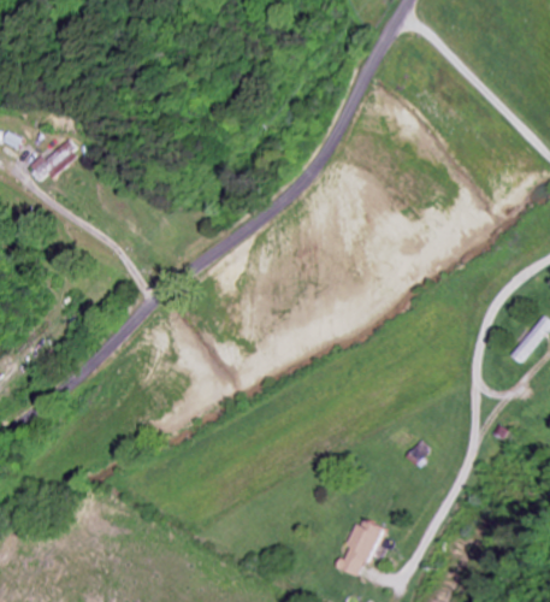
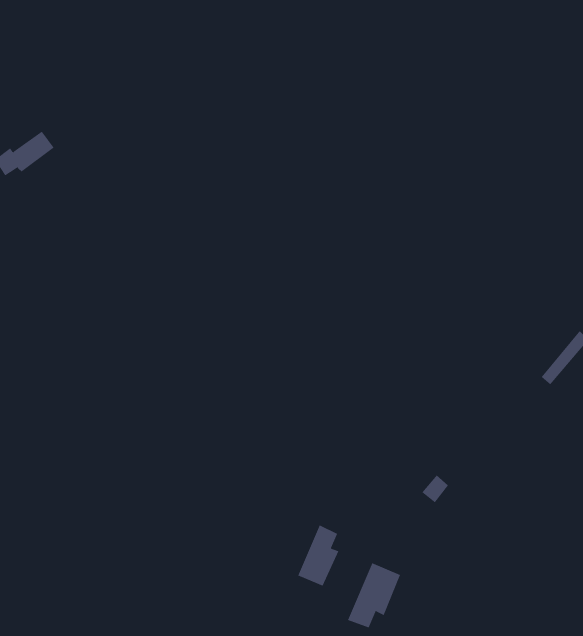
building: none -> [298,525,339,587]

